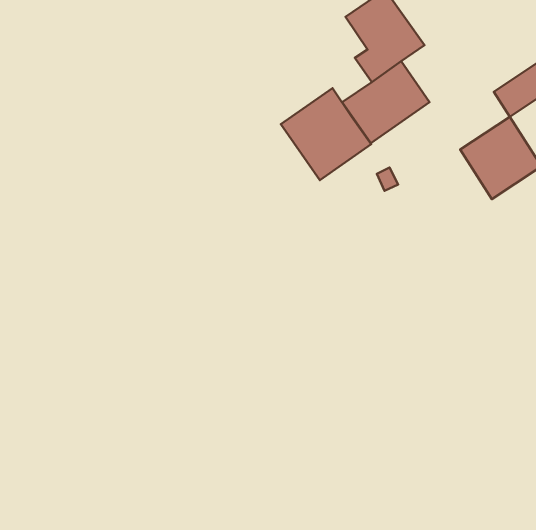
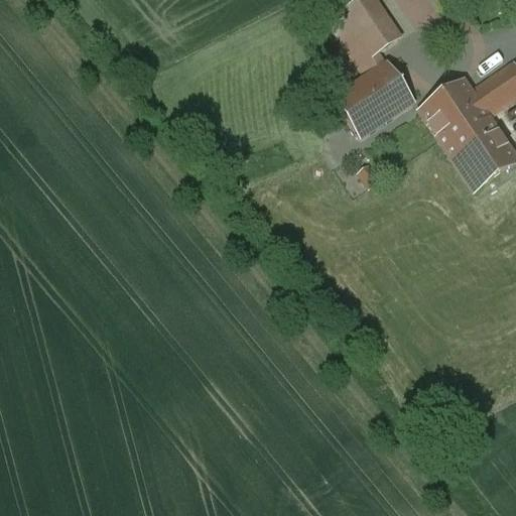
building: none -> [419,76,490,143]
building: [281,88,371,180] -> none

